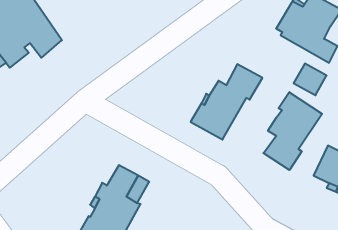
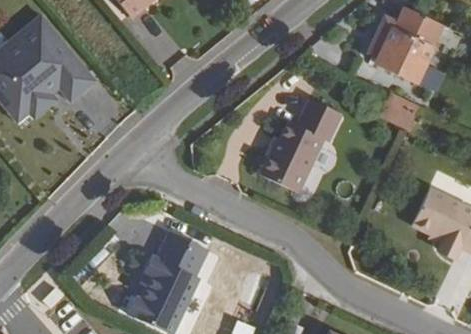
building: [263,92,322,170] -> none

